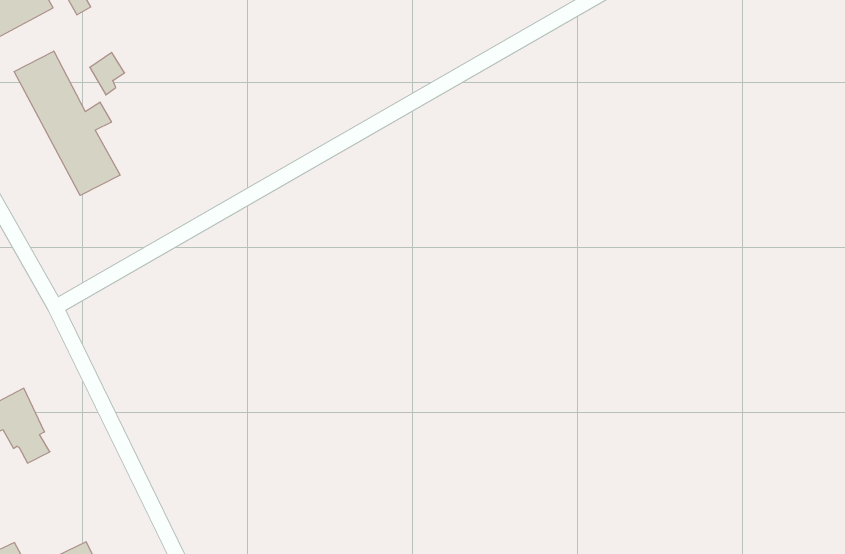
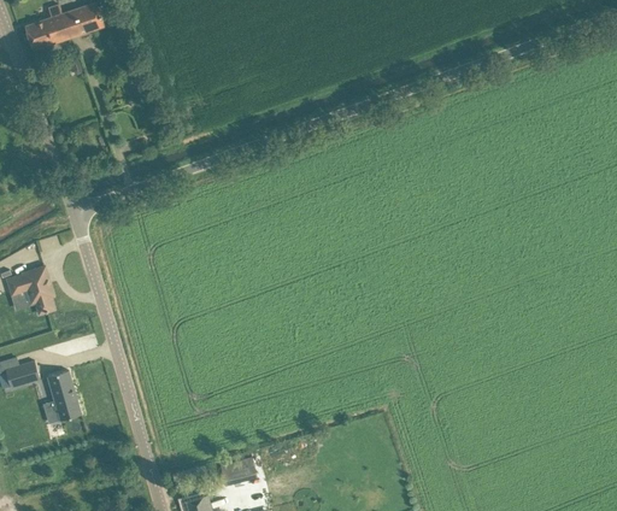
building: [14,51,120,195] -> none

